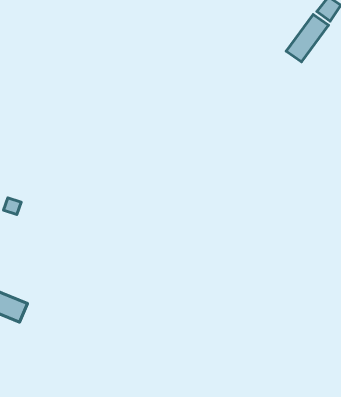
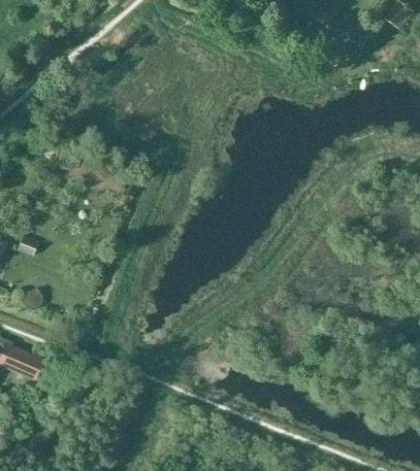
building: [286,14,328,62] -> none

